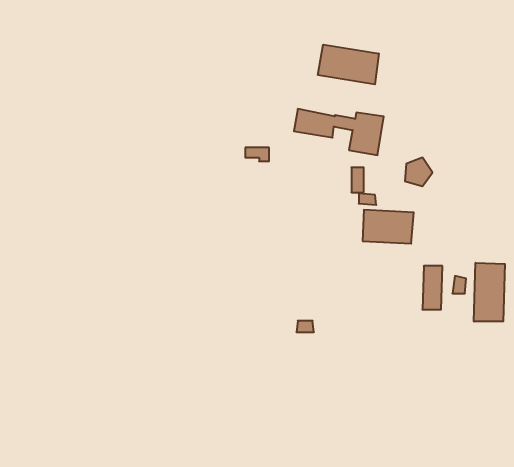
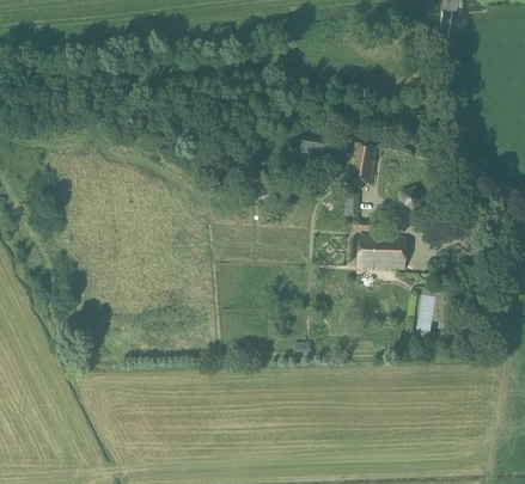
building: [318,45,379,84] -> none
building: [474,263,505,322] -> none

